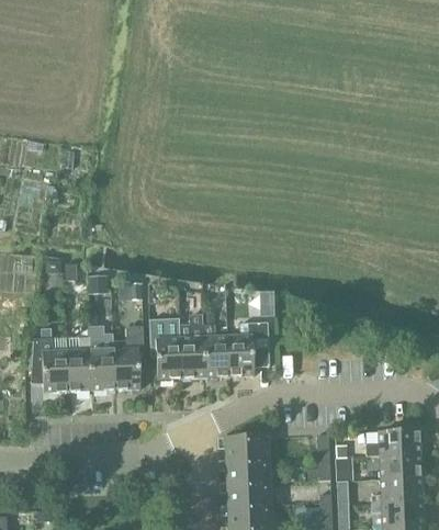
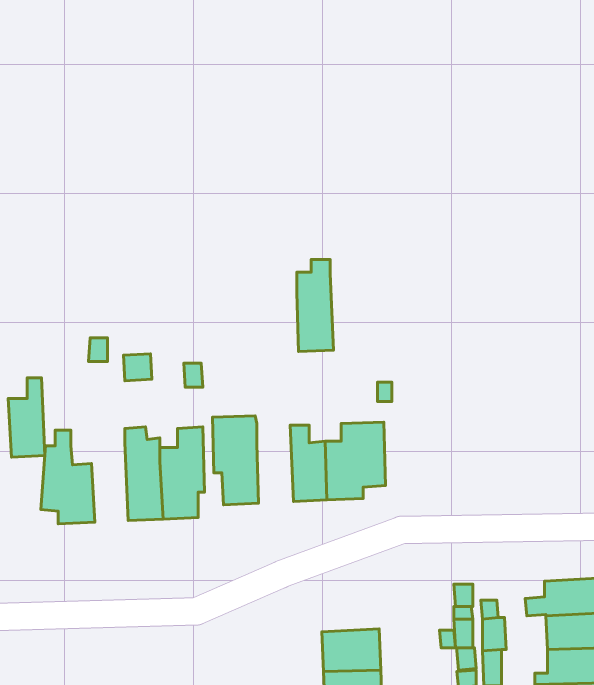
building: [181,314,206,377] -> [297,259,333,352]
building: [67,336,92,391] -> [8,378,45,457]
building: [225,436,266,466] -> none

